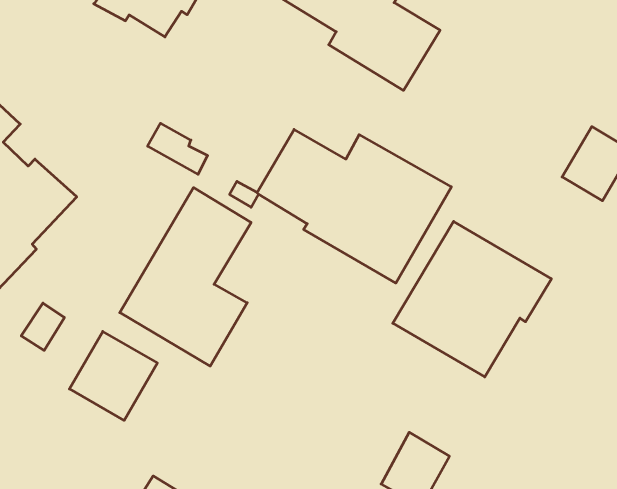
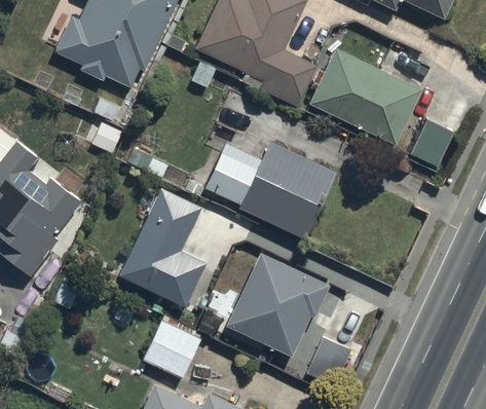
building: none -> [307,47,421,143]
building: [393,221,551,377] -> [225,253,329,356]
building: [69,331,157,420] -> [143,320,200,378]

